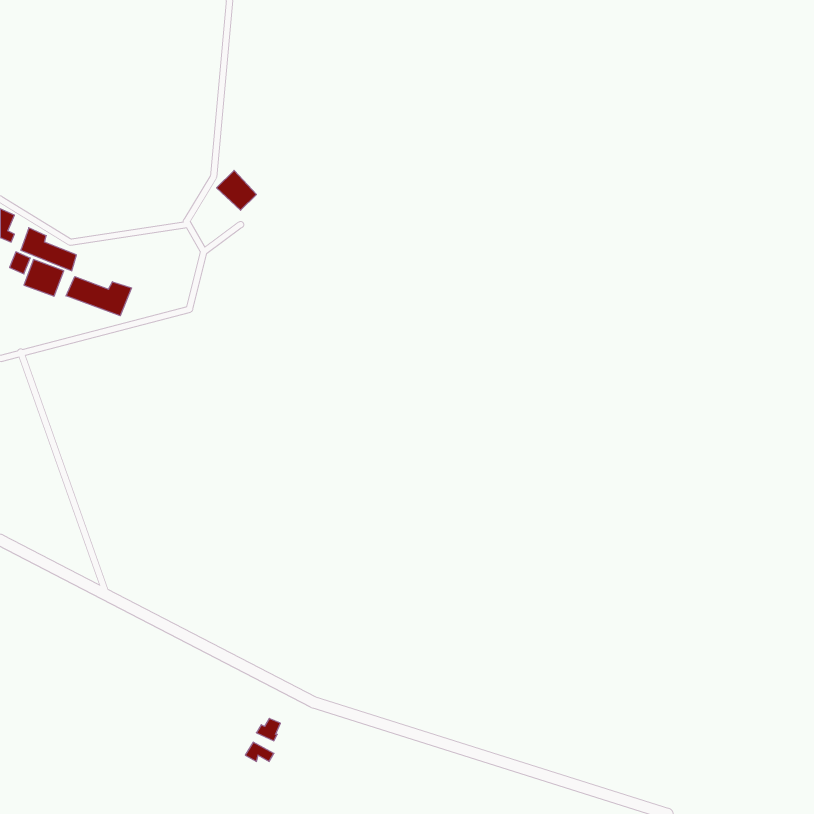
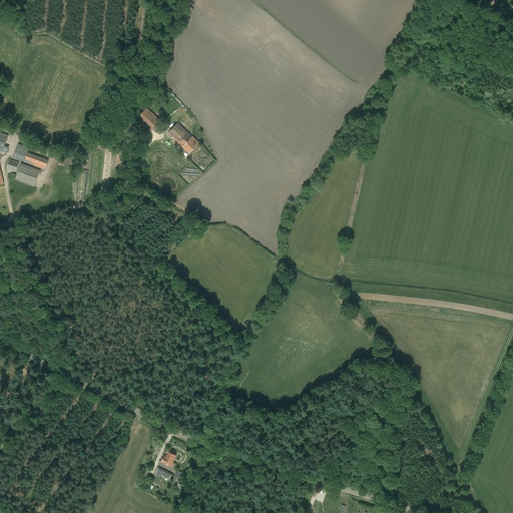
building: none -> [168,123,199,153]
building: [66,277,132,316] -> none

